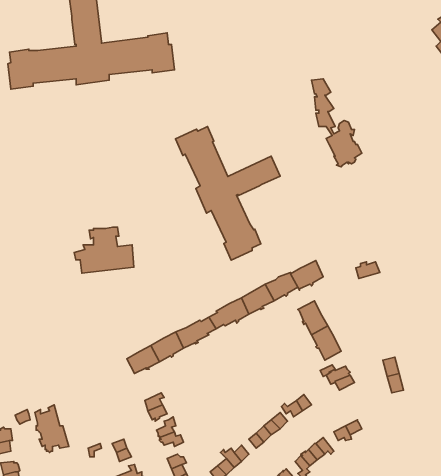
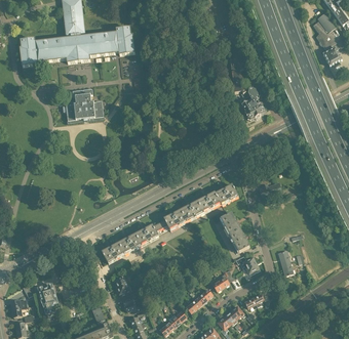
building: [175,127,280,260] -> none
building: [74,227,134,273] -> [62,89,103,121]

